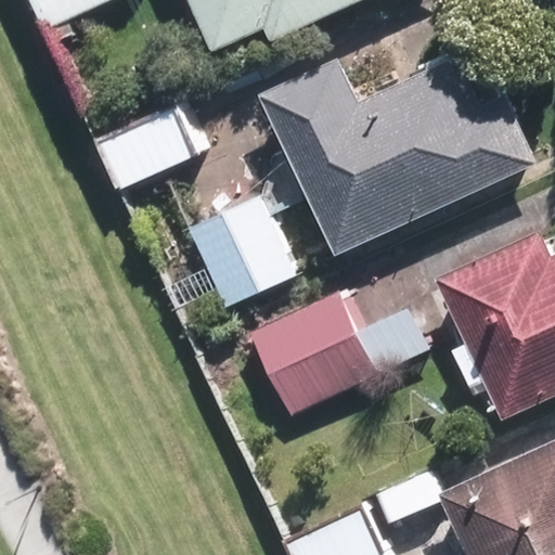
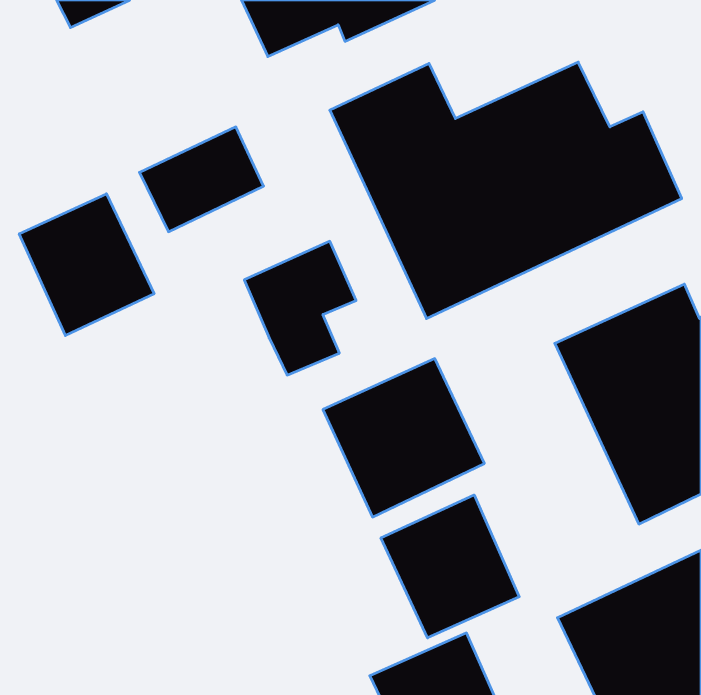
building: none -> [19,194,154,336]
building: none -> [381,495,519,638]

